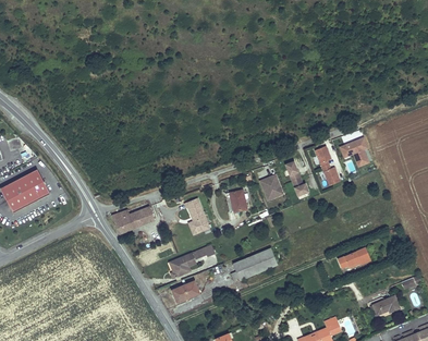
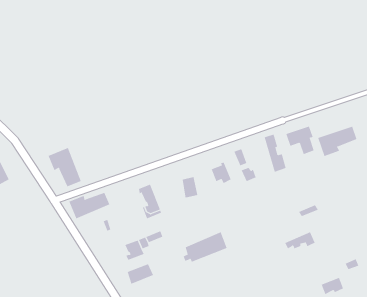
building: none -> [317,126,357,157]
building: none -> [48,147,82,187]

